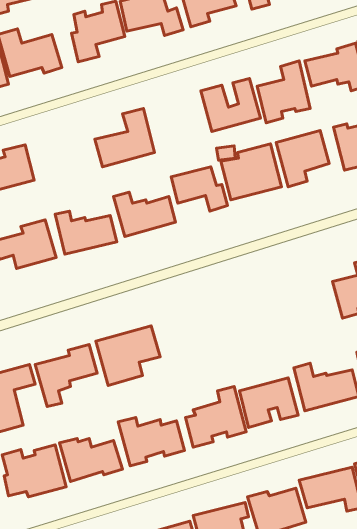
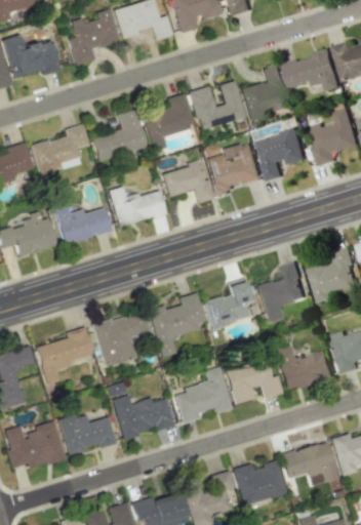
building: none -> [144,93,193,151]
building: none -> [31,124,89,177]
building: none -> [257,261,309,321]
building: none -> [205,278,250,330]
building: none -> [149,292,205,357]

